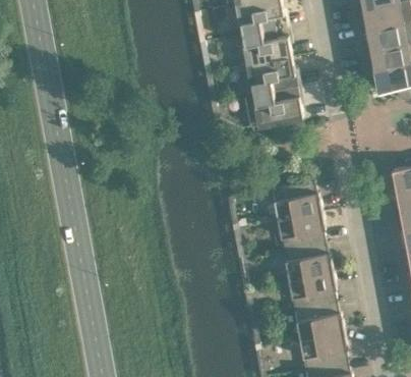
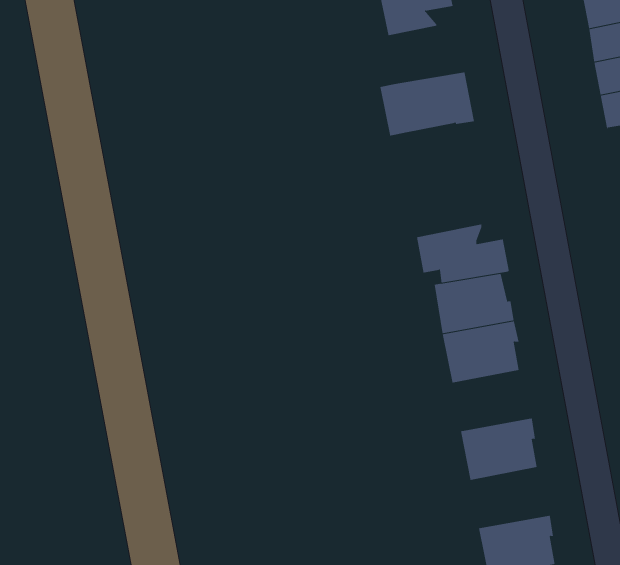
building: [243,28,291,63] -> none
building: [244,88,302,124] -> [416,224,510,283]
building: [283,240,333,278] -> none
building: [294,301,344,338] -> none

